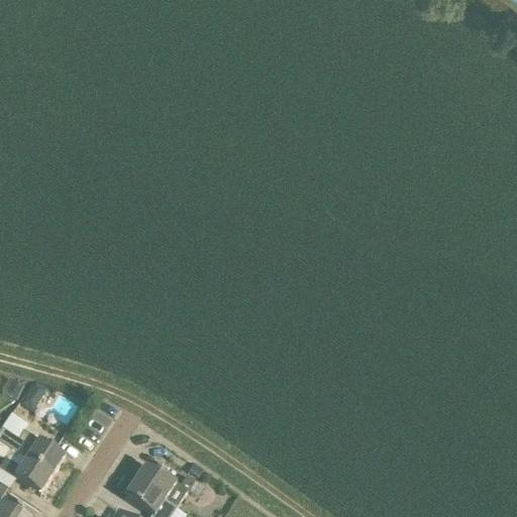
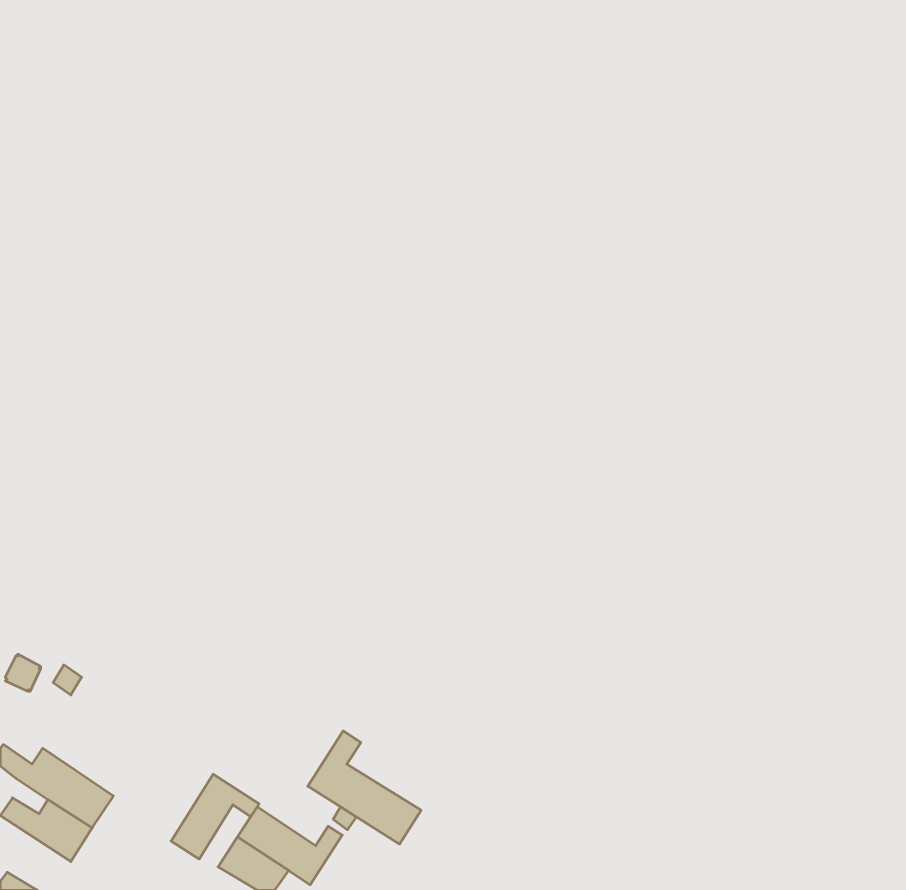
building: none -> [308,731,421,844]
building: none -> [171,774,259,859]

